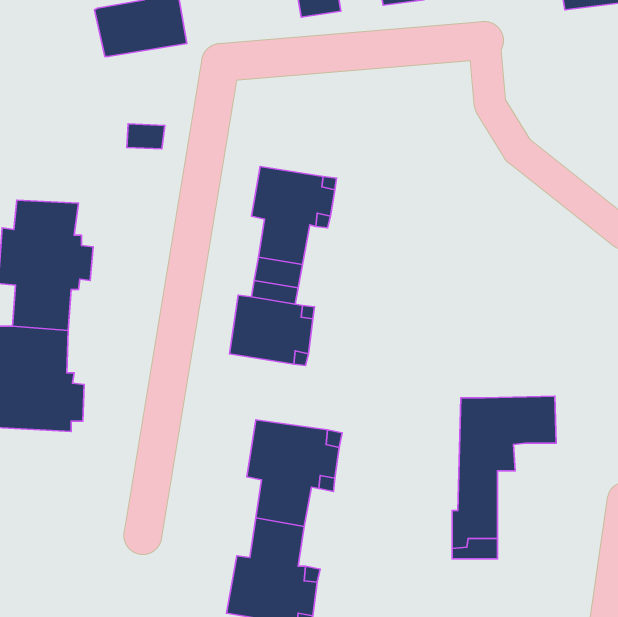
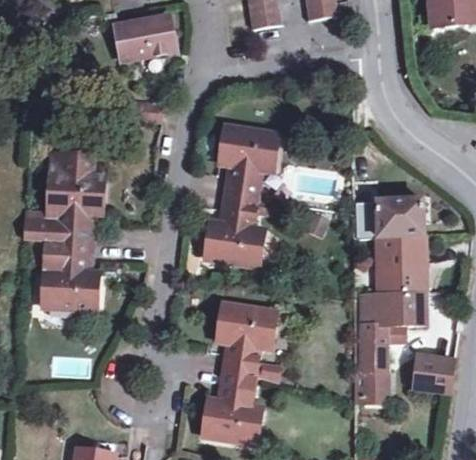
building: none -> [375,196,425,290]
building: none -> [413,352,453,391]

